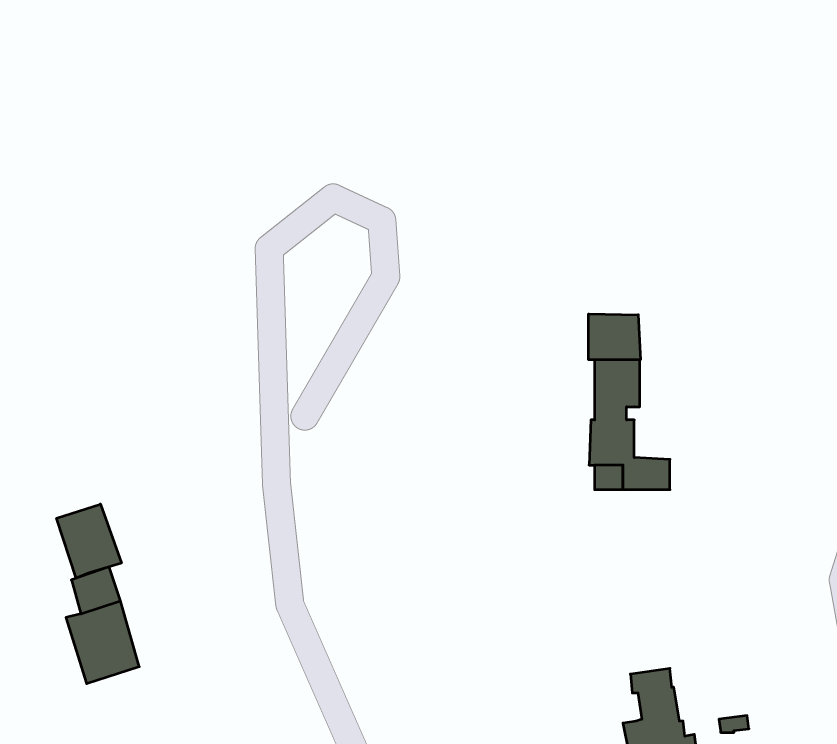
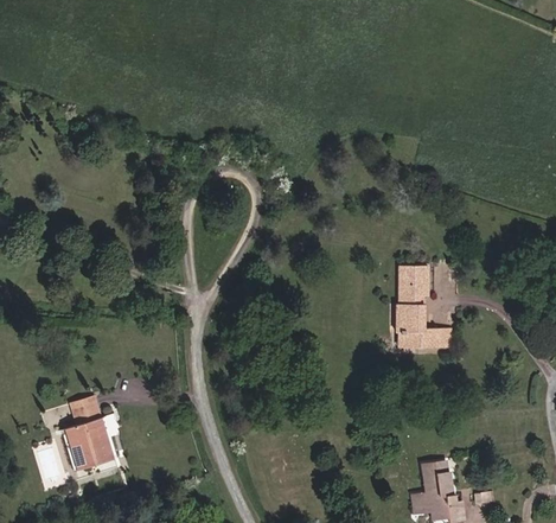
building: [589,314,640,360] -> none
building: [57,504,121,578] -> none

